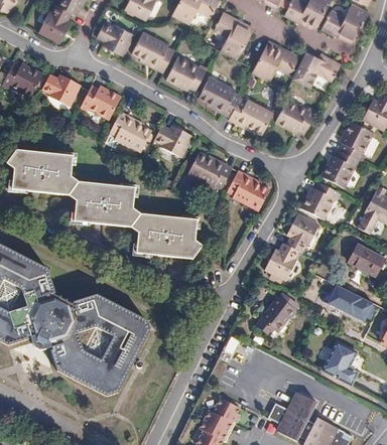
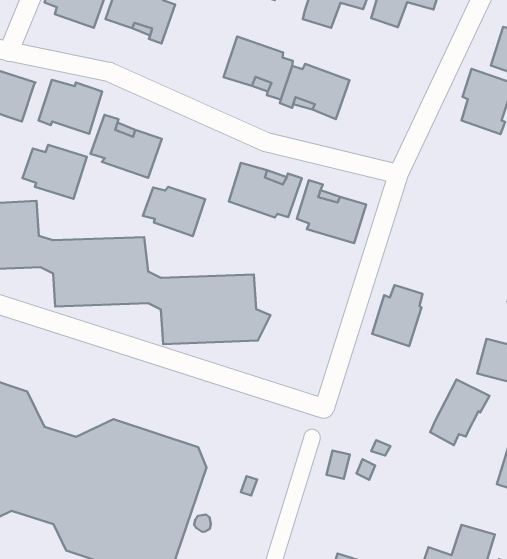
building: [165,55,208,91] -> none
building: [275,99,316,134] -> none
building: none -> [23,145,87,199]
building: [155,124,195,157] -> [143,187,205,236]
building: [318,148,359,186] -> none
building: [297,179,339,218] -> none
building: [284,211,316,251] -> none
building: [255,295,294,334] -> [430,380,489,445]

